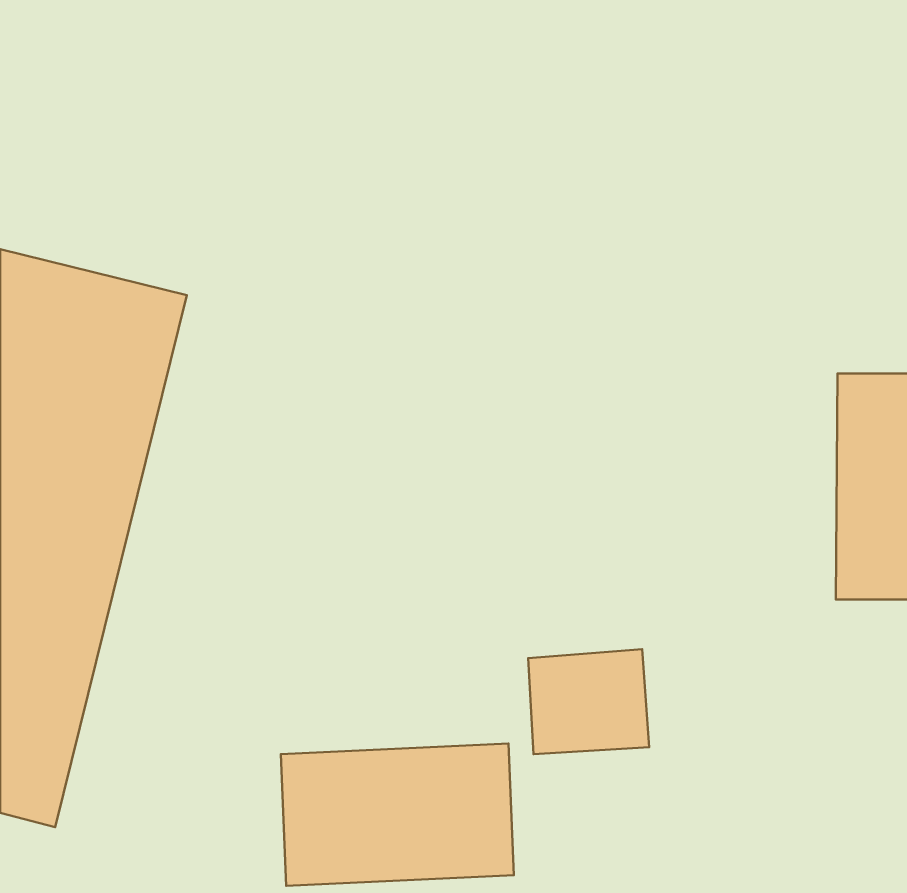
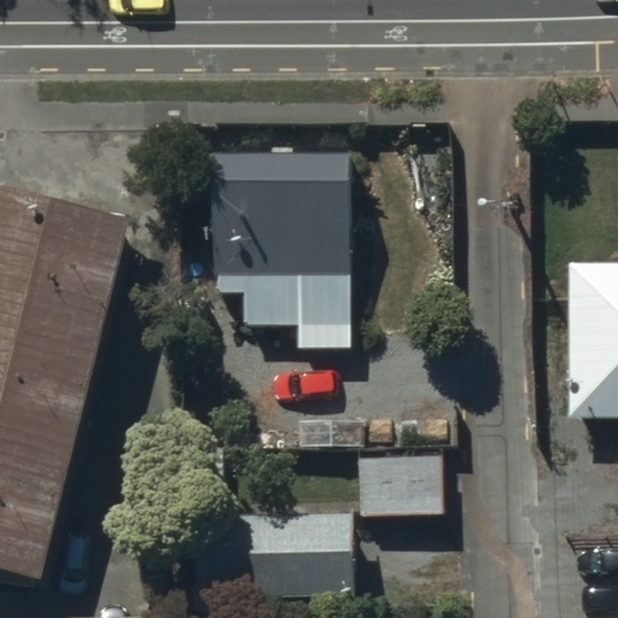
building: none -> [208,147,349,352]

